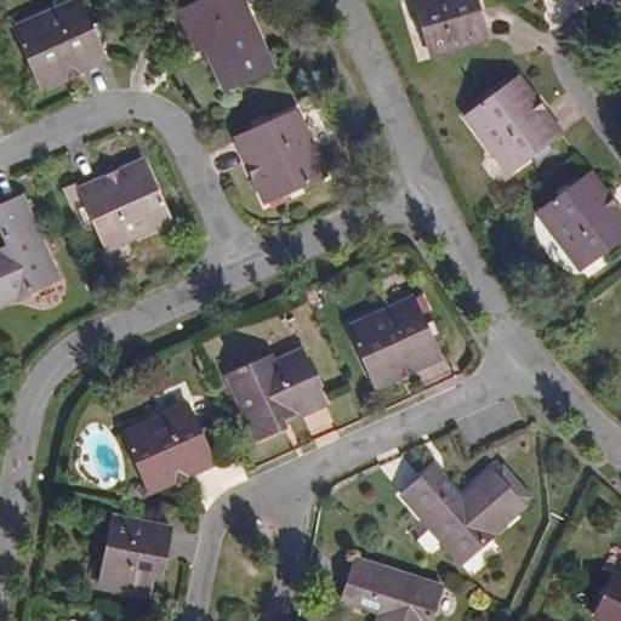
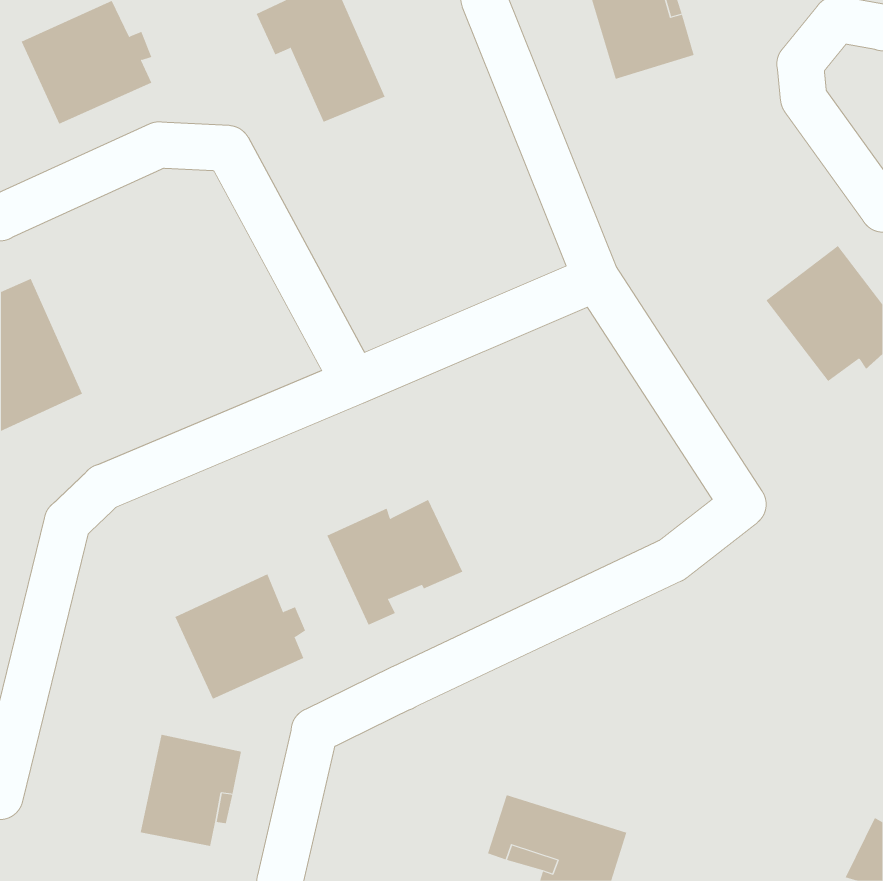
building: [466,76,560,172] -> none
building: [235,110,324,201] -> none
building: [79,160,171,247] -> none
building: [347,297,441,387] -> none
building: [401,466,524,563] -> none

